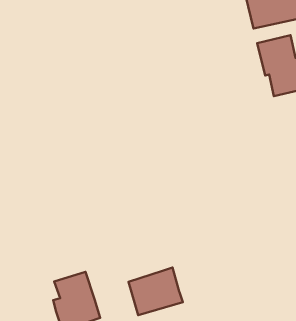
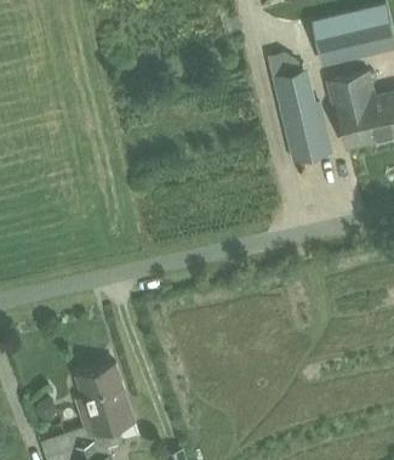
building: none -> [267,53,331,161]
building: [128,268,183,315] -> none

